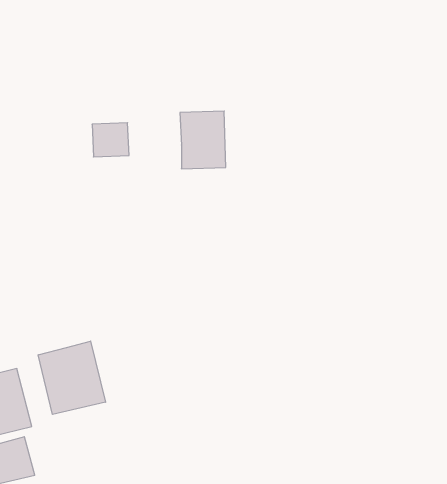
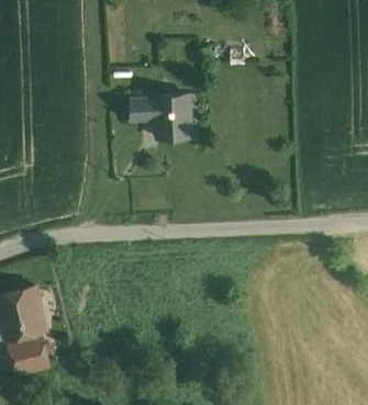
building: [92,123,129,157] -> [130,98,157,123]
building: [38,341,106,414] -> none

